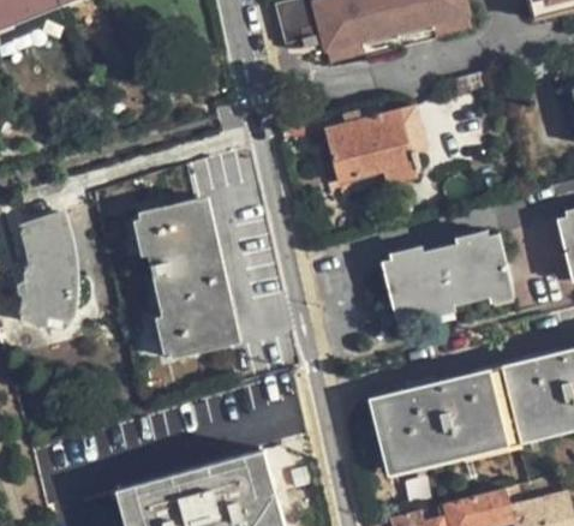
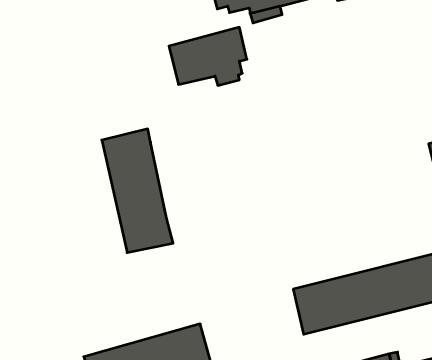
building: [325,107,425,181] -> [169,27,247,85]
building: [20,216,65,323] -> none
building: [382,233,512,316] -> none

